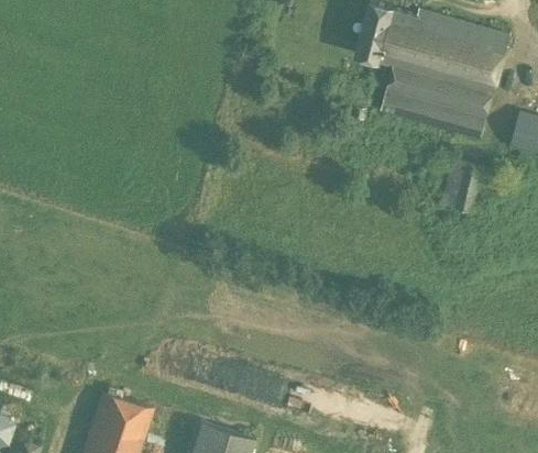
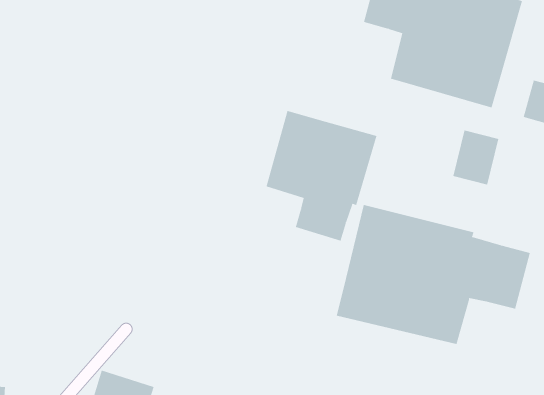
building: none -> [266,110,377,241]
building: none -> [336,204,531,345]

